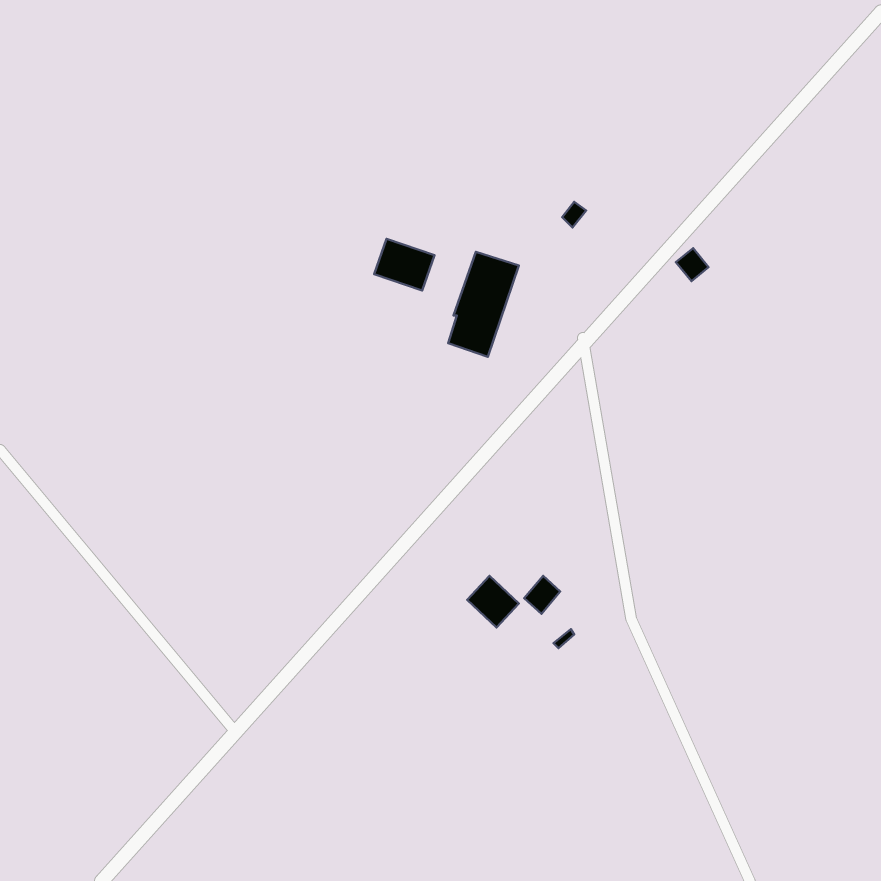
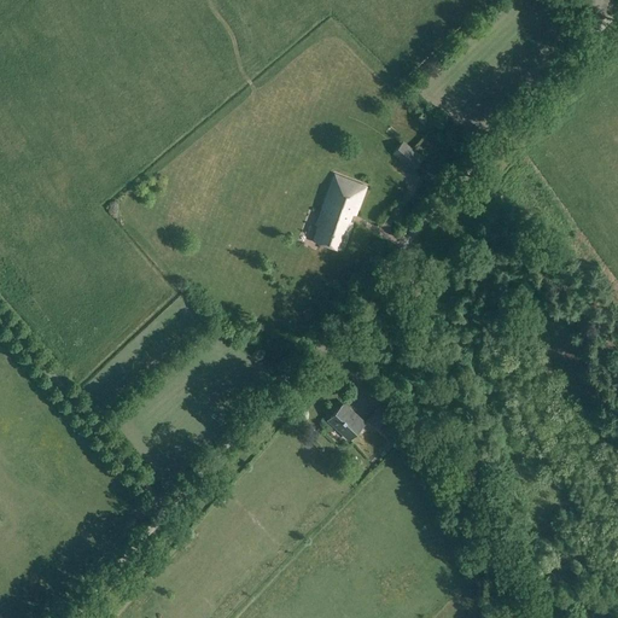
building: [374,239,434,291] -> none

